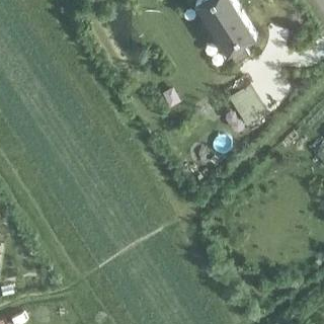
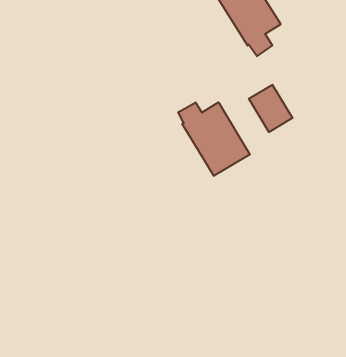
building: none -> [178,102,250,176]

